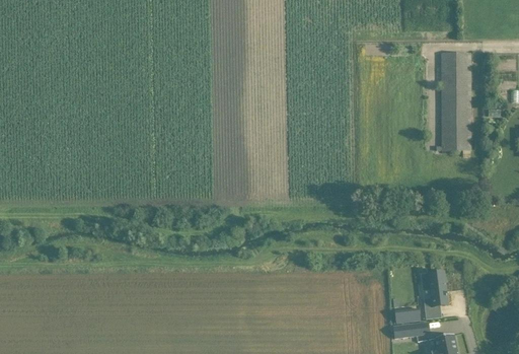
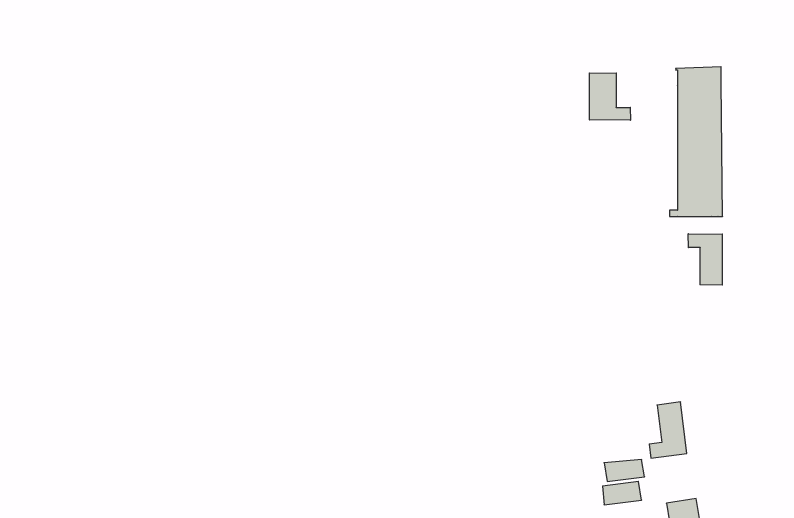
building: none -> [590,73,630,120]
building: none -> [688,234,722,285]

